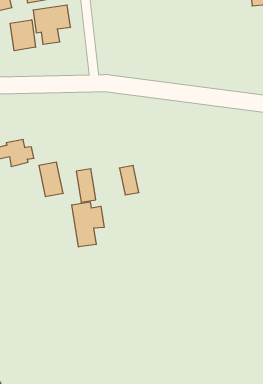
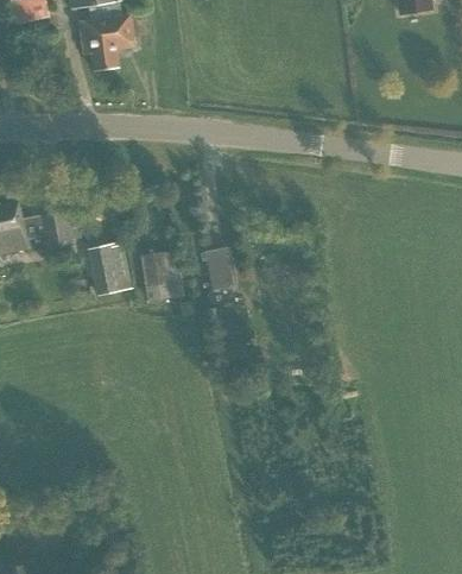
building: [10,20,36,51] -> none
building: [72,202,104,247] -> none

